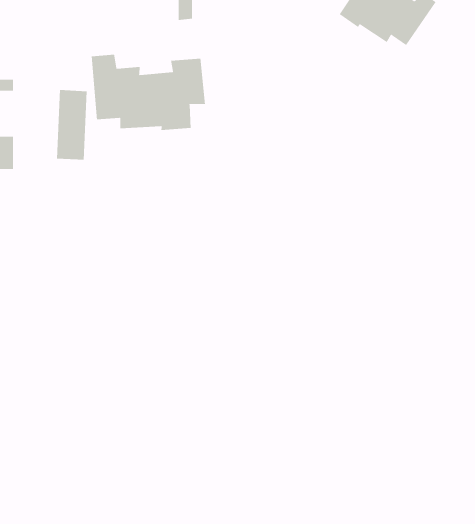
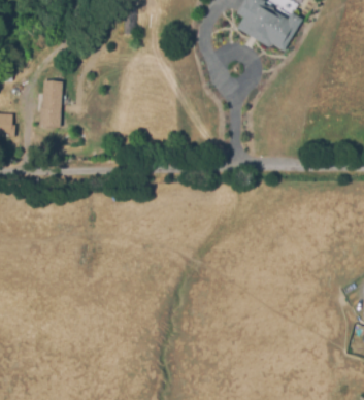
building: [91,54,205,131] -> none

